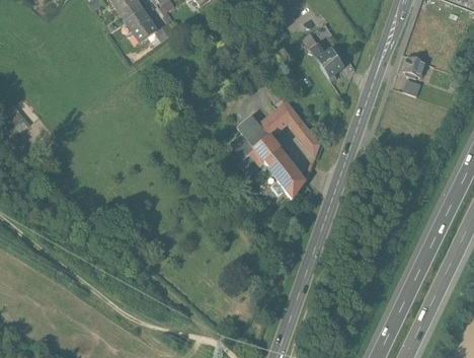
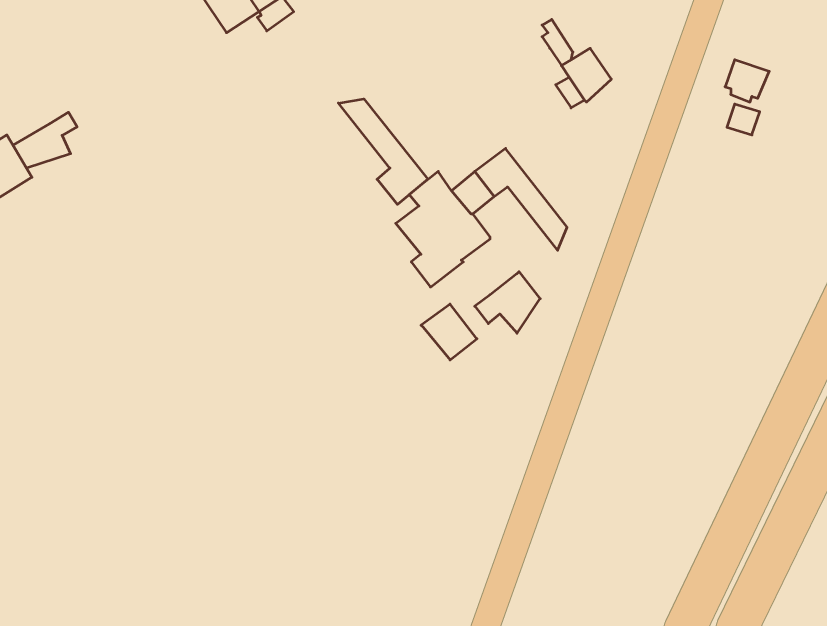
building: none -> [338,99,428,204]
building: none -> [13,112,77,168]
building: [263,149,293,178] -> [421,304,477,360]

